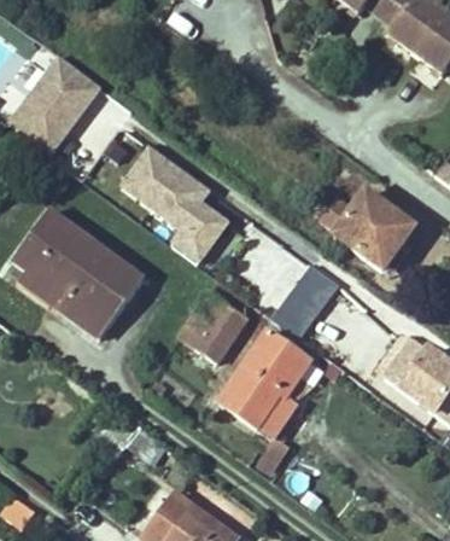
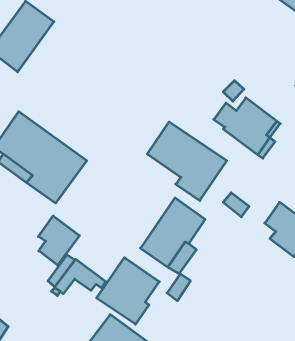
building: [123,145,228,262] -> none
building: [180,295,247,362] -> none
building: none -> [38,216,79,265]
building: none -> [97,258,159,324]

